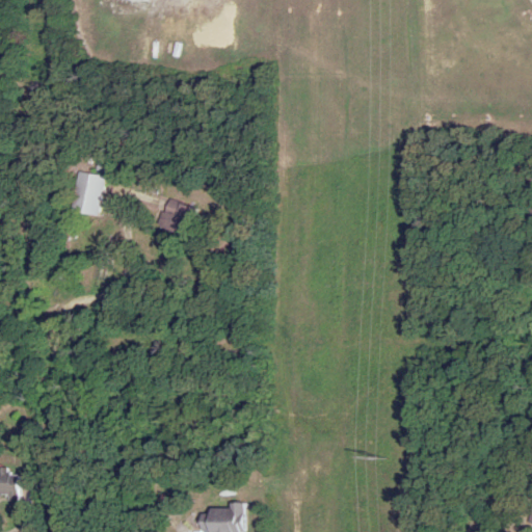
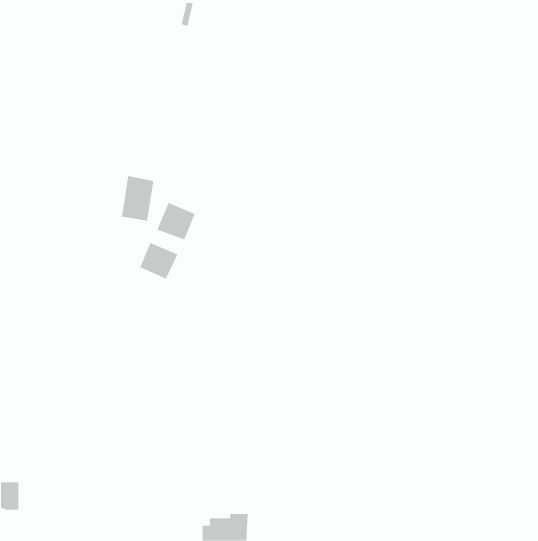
building: [71,171,103,216] -> [121,176,154,221]
building: none -> [139,242,178,279]

